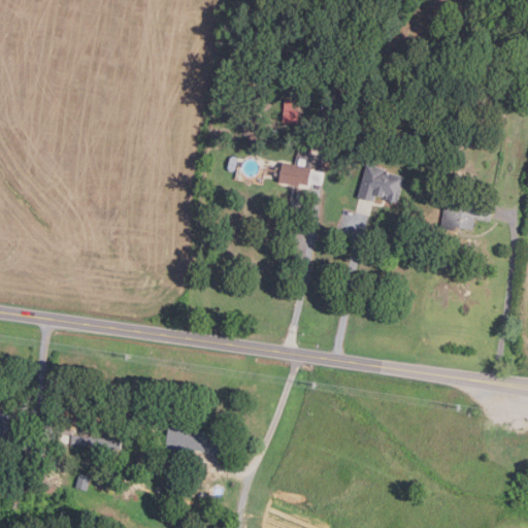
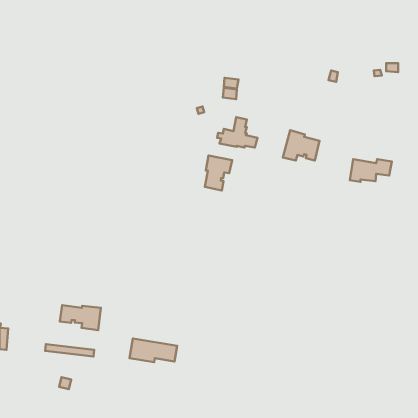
building: none -> [205,156,232,190]
building: none -> [60,305,101,330]

